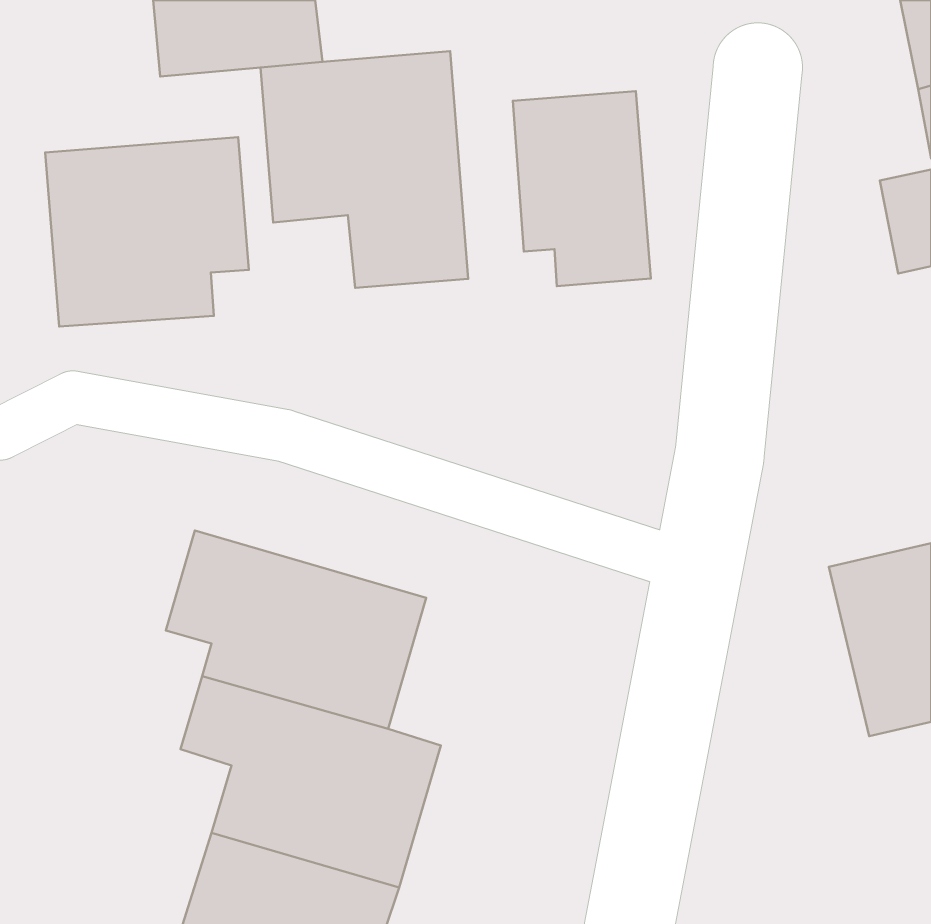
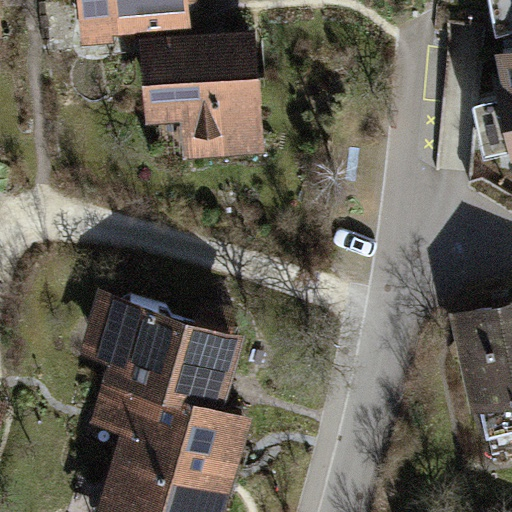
building: [513,91,651,286] -> none
building: [45,137,249,327] -> none

